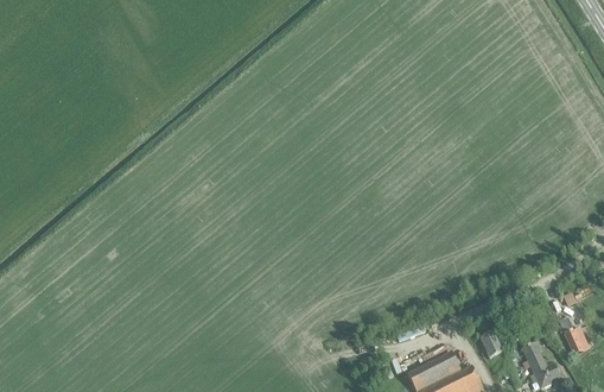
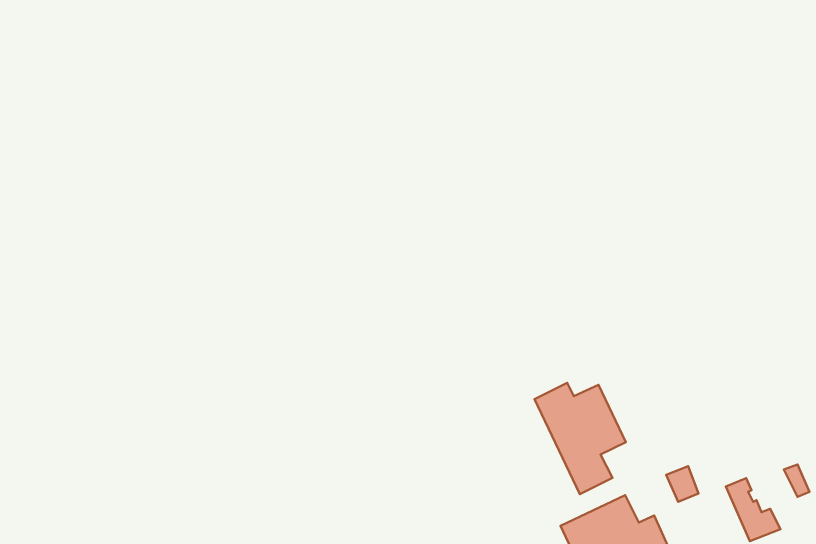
building: none -> [535,383,626,494]

